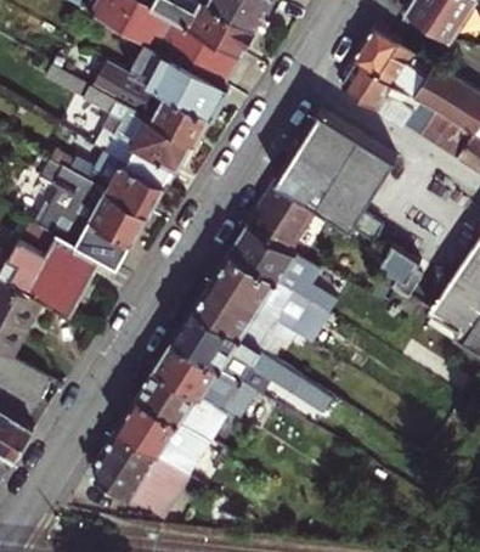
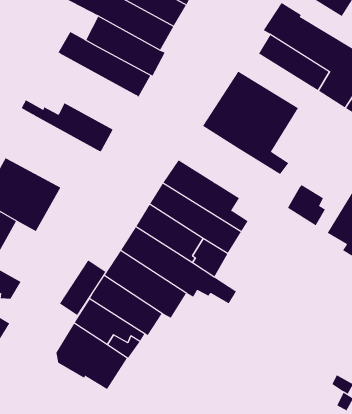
building: [79,84,193,190] -> none
building: [38,169,147,270] -> none
building: [245,182,320,254] -> none
building: none -> [59,259,106,316]

